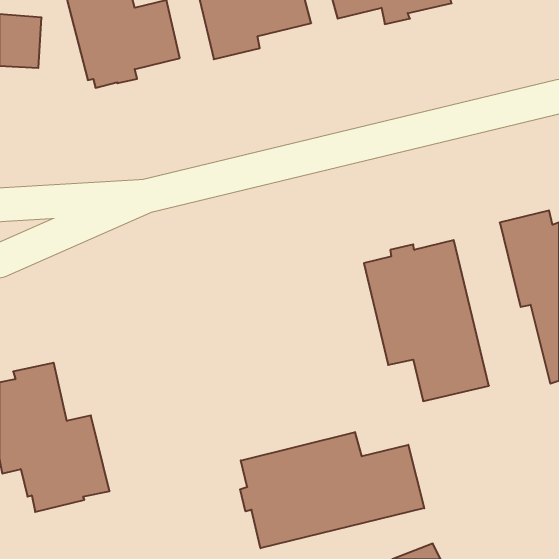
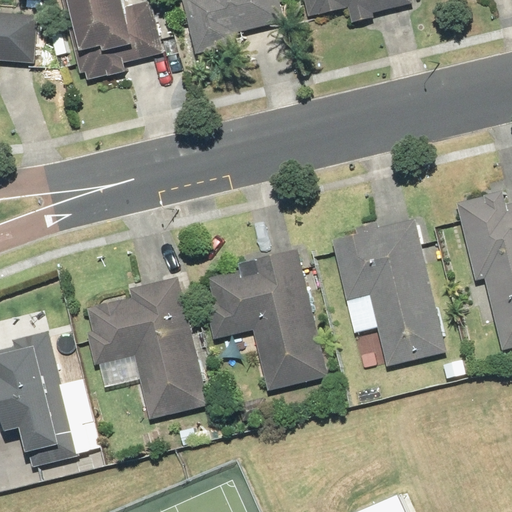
building: none -> [205,249,328,391]
building: none -> [87,277,210,419]
building: [240,432,424,548] -> none

